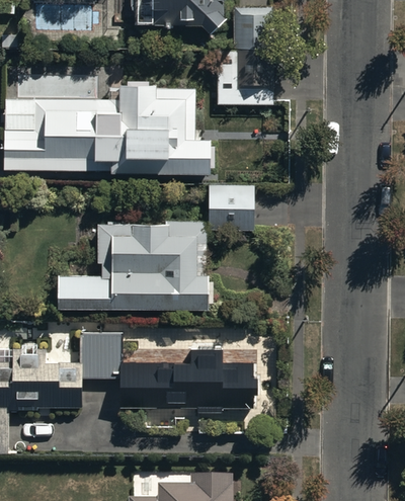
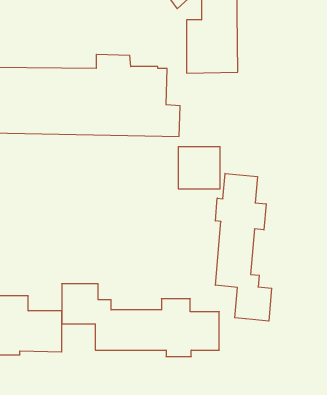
building: none -> [215,173,272,321]
building: [58,221,213,308] -> none

